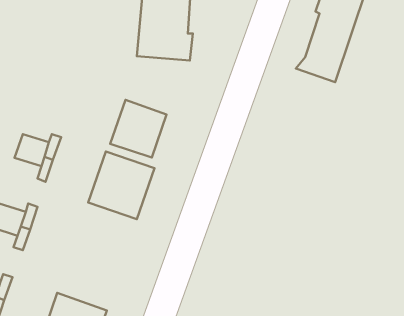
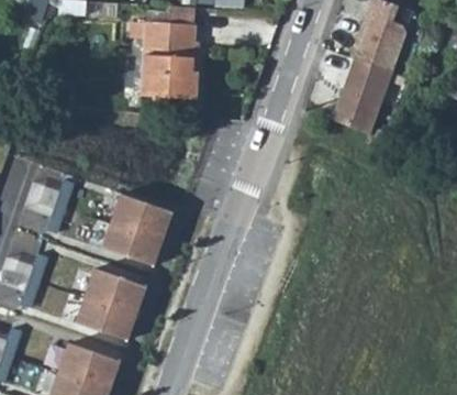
building: [110,100,167,158] -> none
building: none -> [77,272,147,344]

